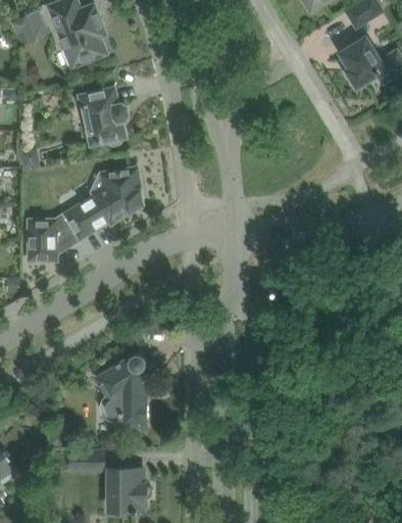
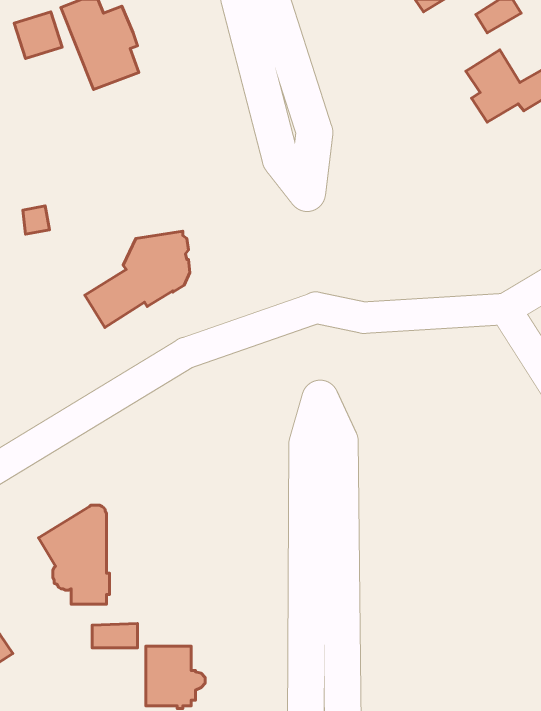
building: [80,89,127,145] -> none
building: [30,218,54,258] -> none
building: [96,354,147,426] -> [39,505,109,604]

